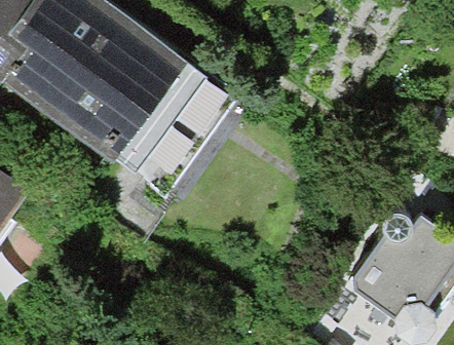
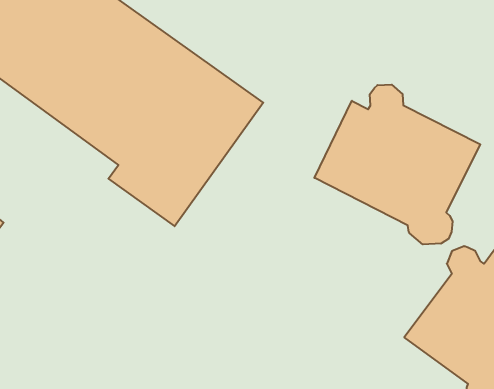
building: none -> [314,85,480,244]

